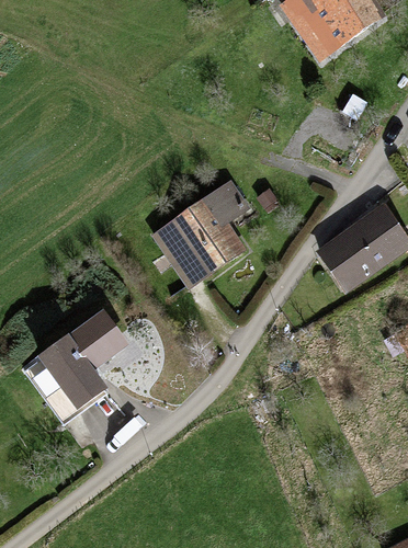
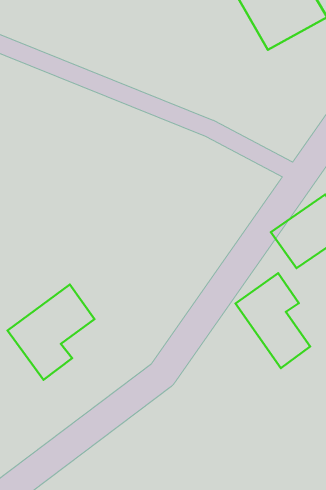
building: [157,191,248,289] -> none
building: none -> [236,273,310,368]

